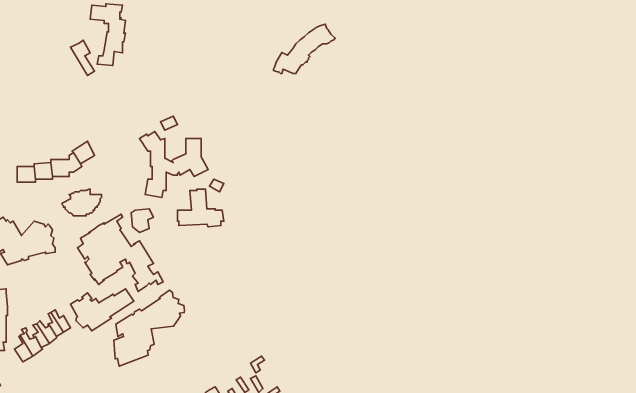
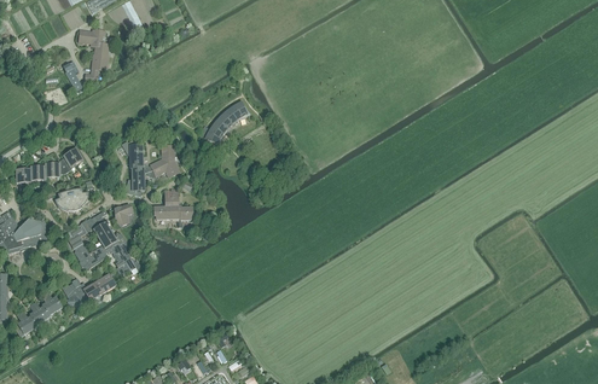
building: [273,24,335,73] -> [198,100,251,142]
building: [114,290,185,366] -> none

